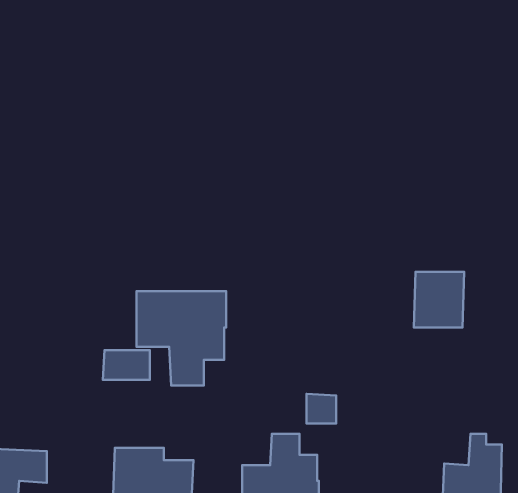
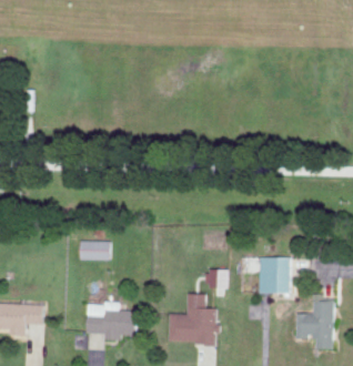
building: [414,272,464,328] -> [258,257,290,293]
building: [137,291,226,385] -> none

